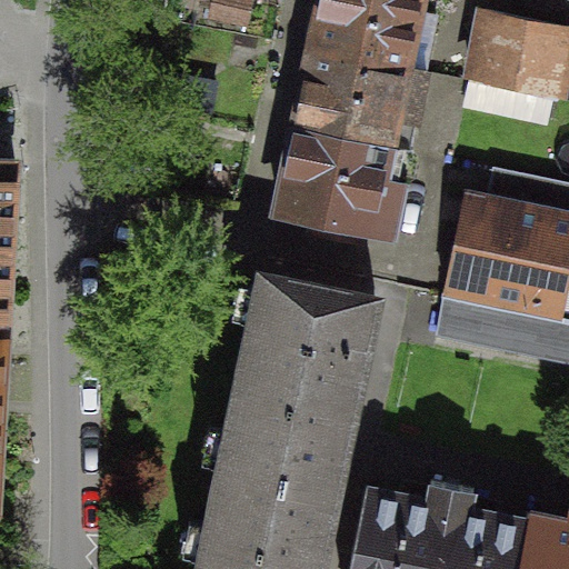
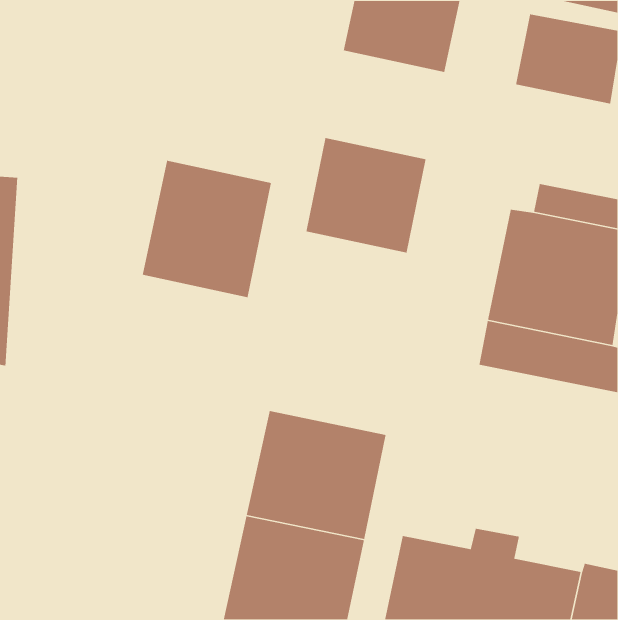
building: [298,47,408,146] -> none
building: none -> [142,160,272,298]
building: [247,279,375,398] -> none

